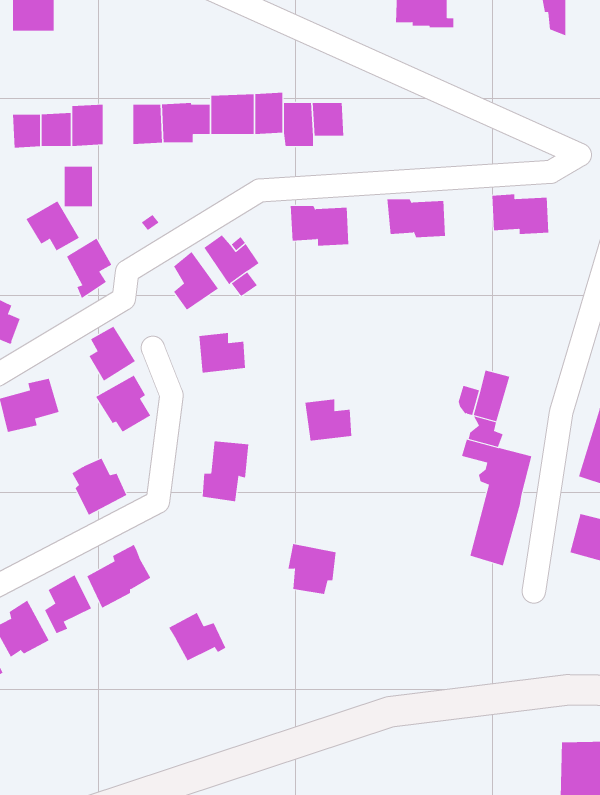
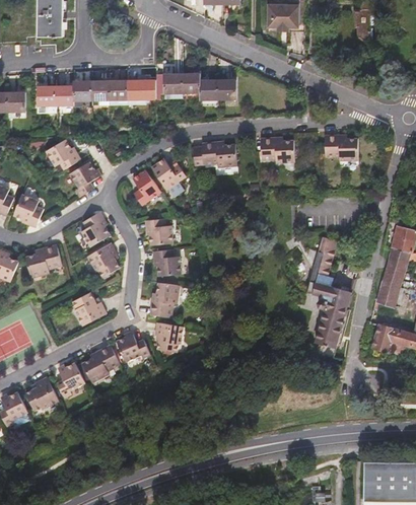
building: [64,166,93,207] -> [91,79,109,103]
building: [305,399,352,441] -> [154,246,183,272]
building: [287,544,337,594] -> [153,320,183,351]
building: [168,612,226,661] -> [115,333,149,362]

